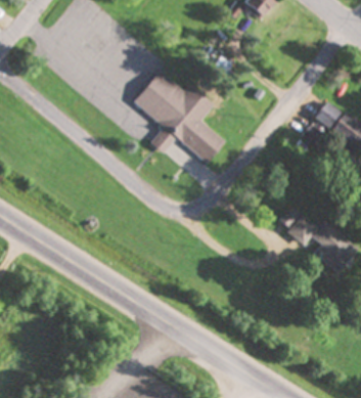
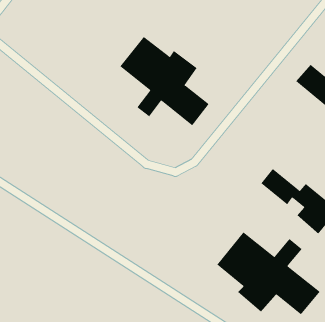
building: none -> [217,231,321,315]

